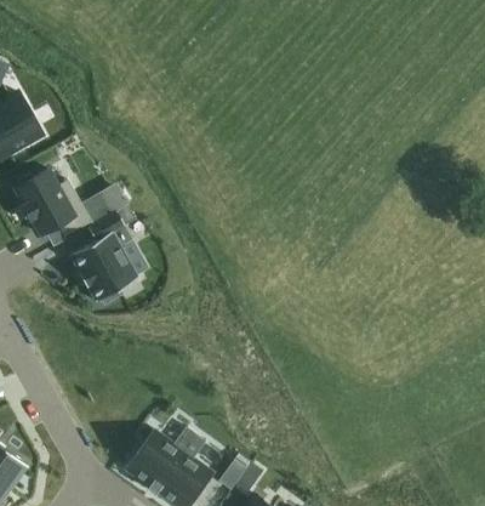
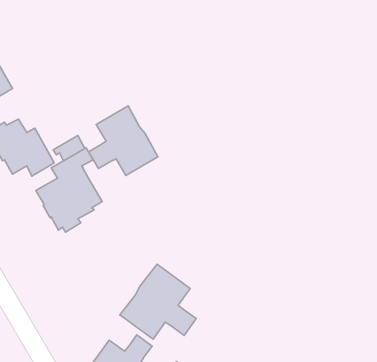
building: none -> [89,106,158,175]
building: none -> [120,264,196,339]

